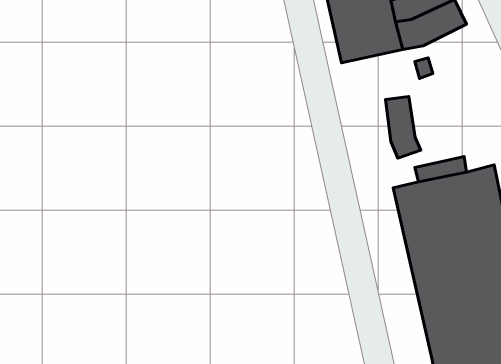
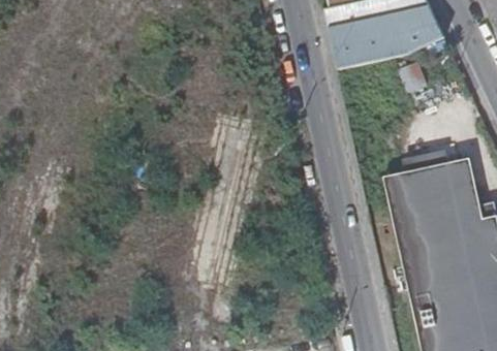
building: [386,96,421,158] -> none

